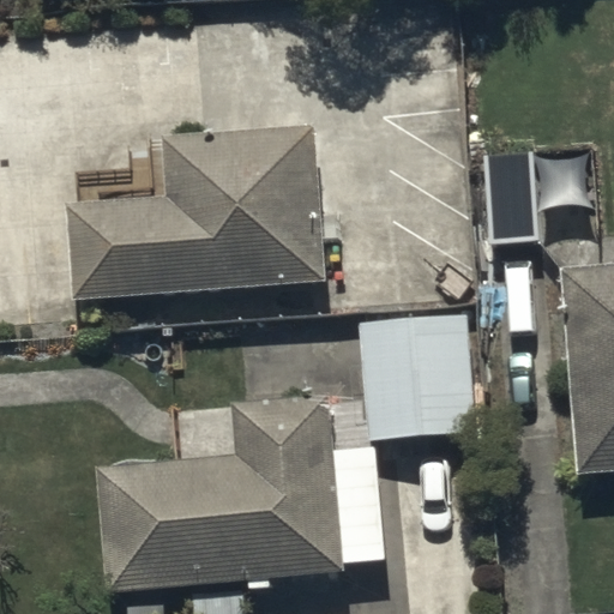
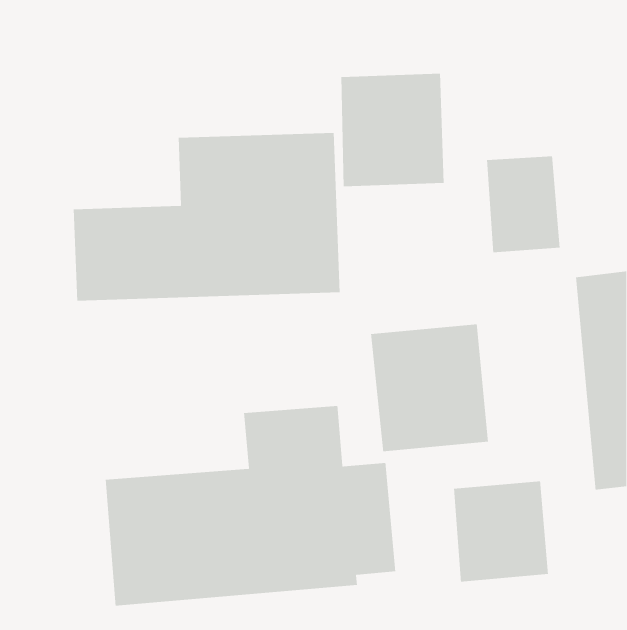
building: none -> [340,73,444,187]
building: none -> [453,481,549,582]

